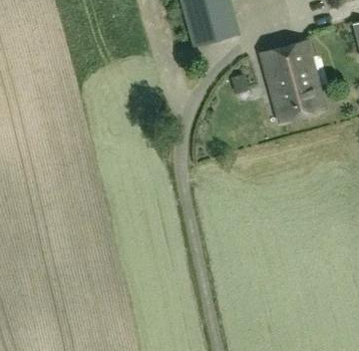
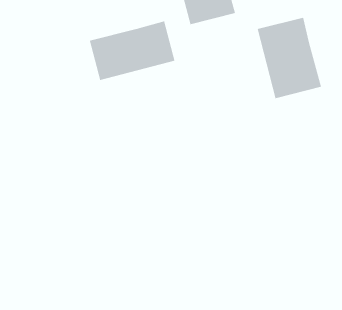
building: none -> [89,20,175,81]

